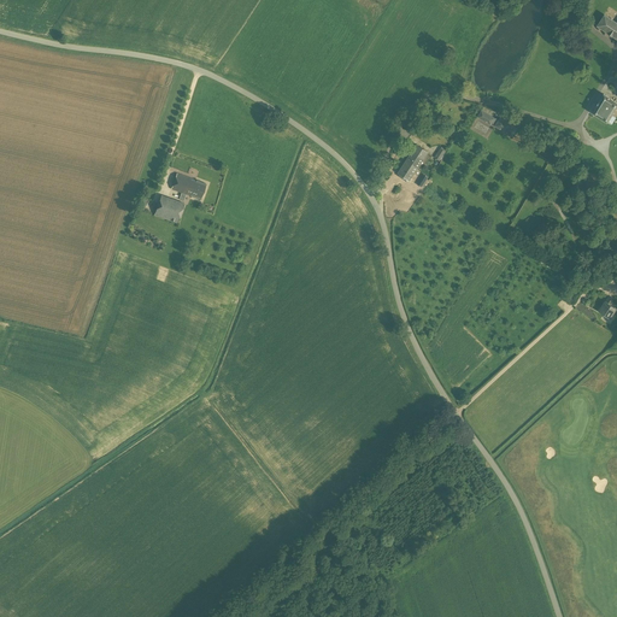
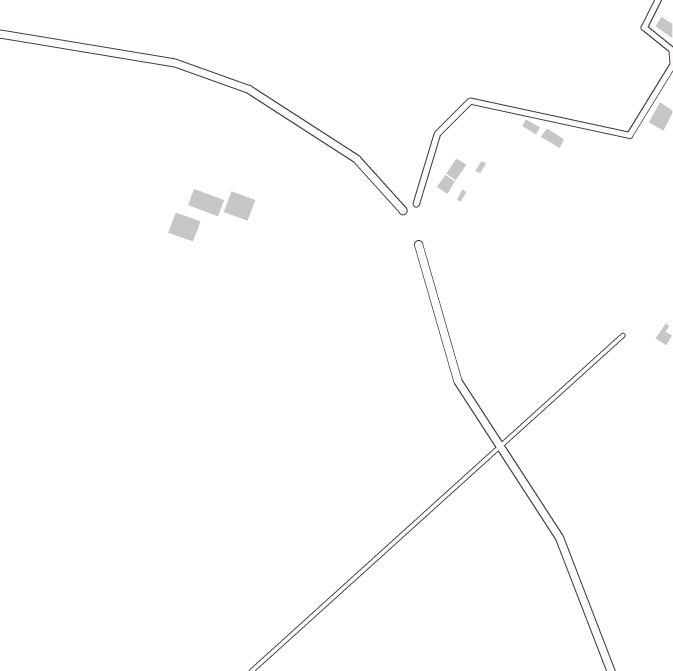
building: none -> [223,190,256,221]

